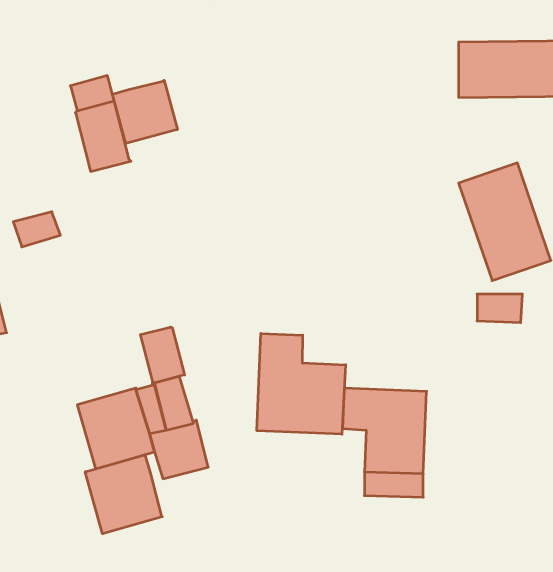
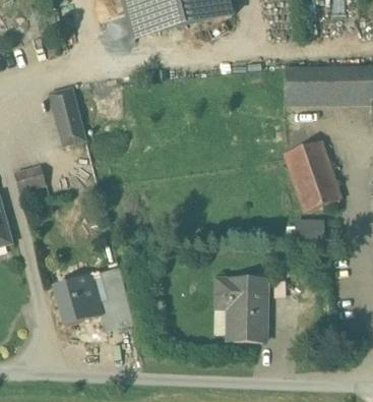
building: [112,80,177,143] -> none
building: [140,327,185,384] -> none
building: [257,333,346,434] -> none
building: [85,455,162,534] -> none

